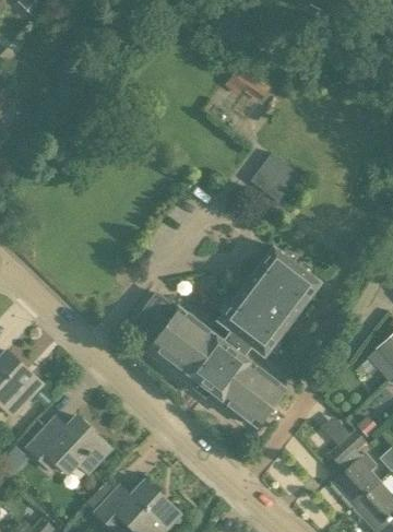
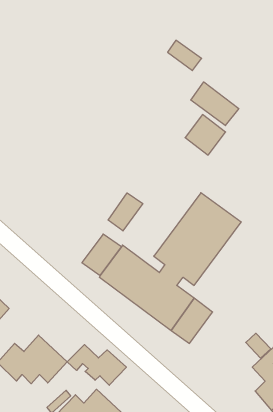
building: none -> [191,82,239,126]
building: none -> [108,193,143,231]
building: none -> [67,345,126,385]

